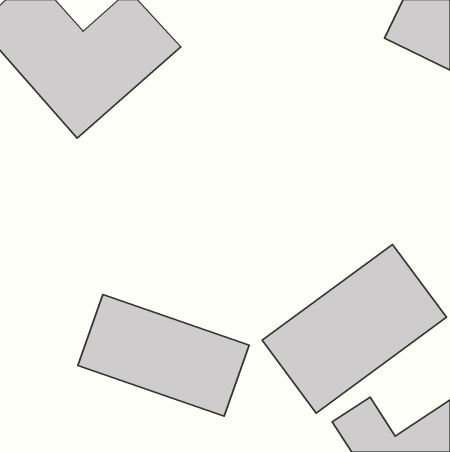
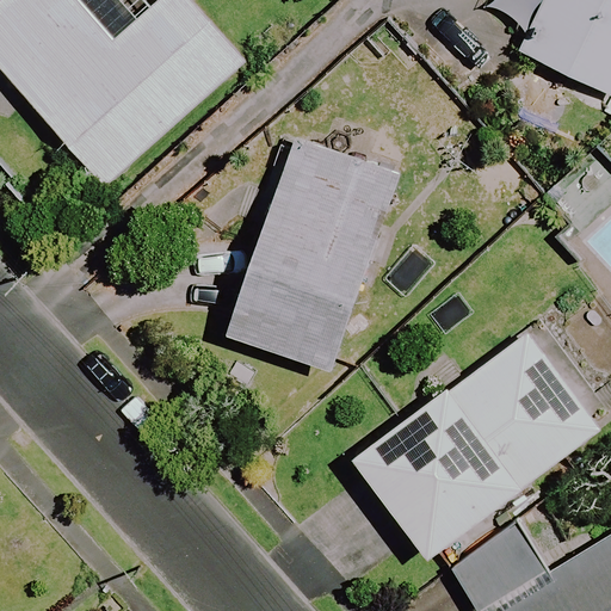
building: none -> [229,137,400,370]
building: [78,295,249,416] -> none

